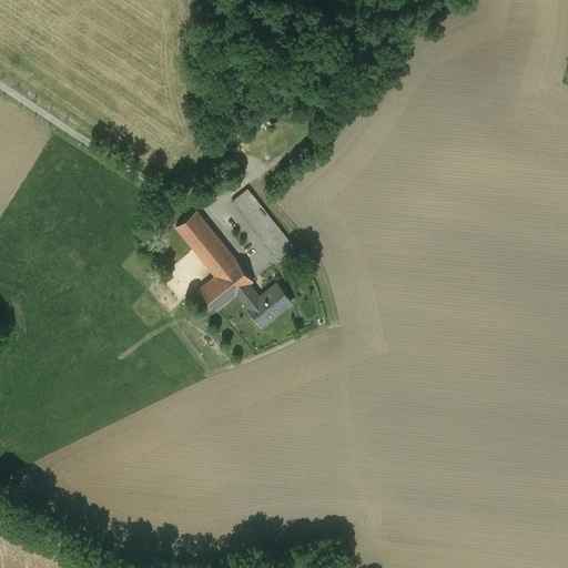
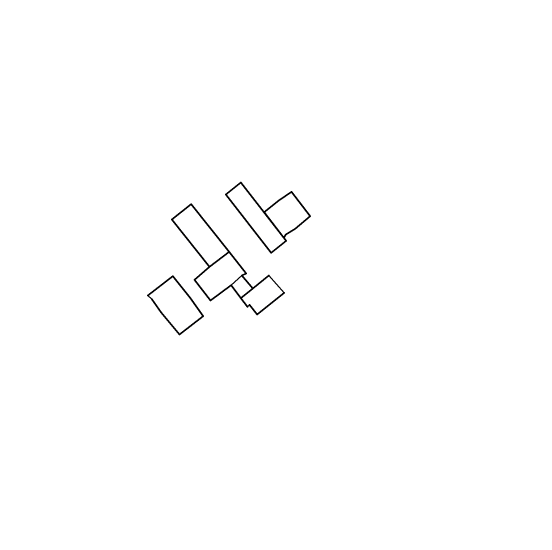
building: none -> [264,192,310,238]
building: none -> [148,276,203,335]

